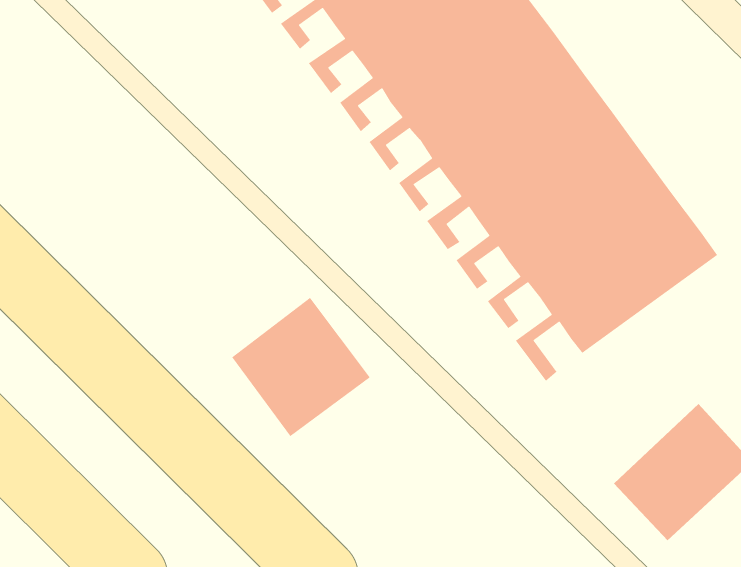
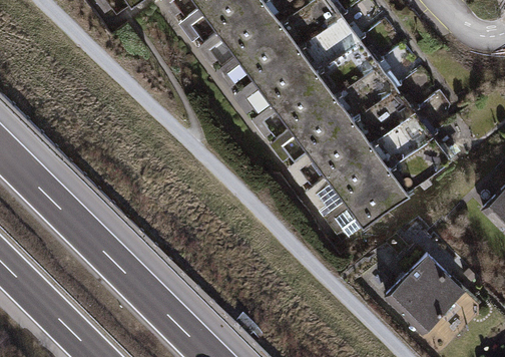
building: [231,297,371,437] -> none

